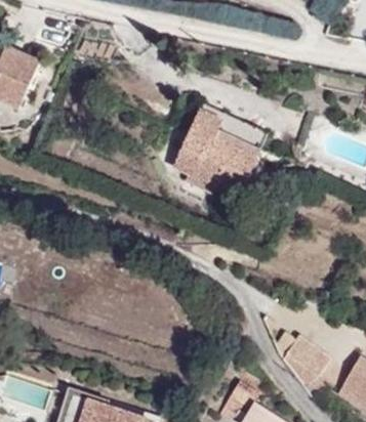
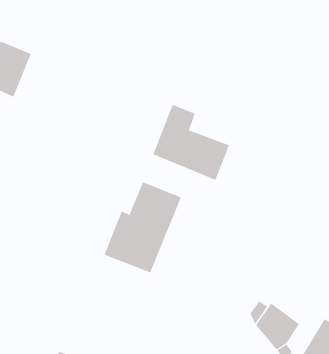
building: [193,106,267,160] -> none
building: none -> [104,181,182,273]

